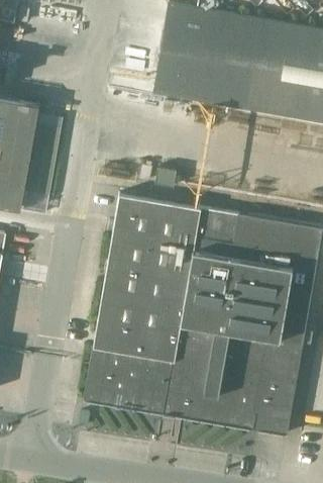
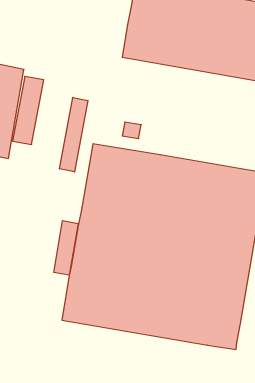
building: none -> [60,97,88,172]
building: none -> [54,221,78,275]

